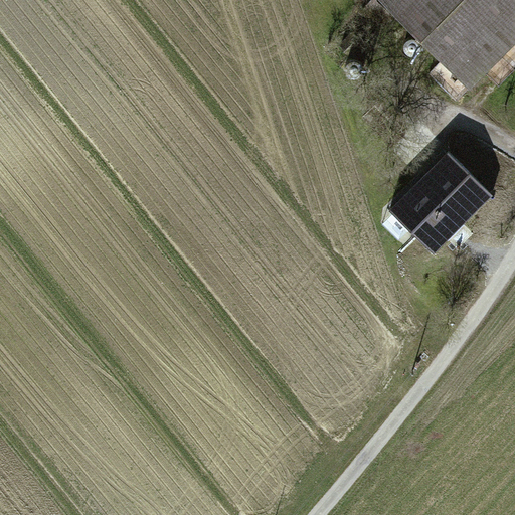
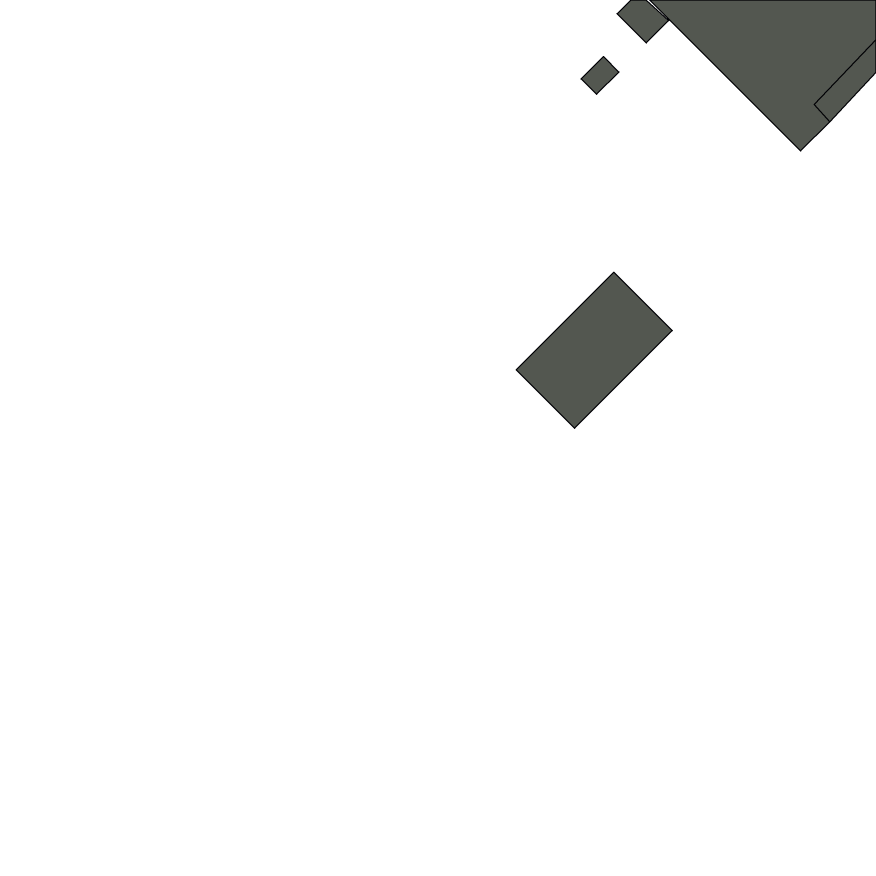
building: [396,156,488,247] -> [516,272,672,428]

